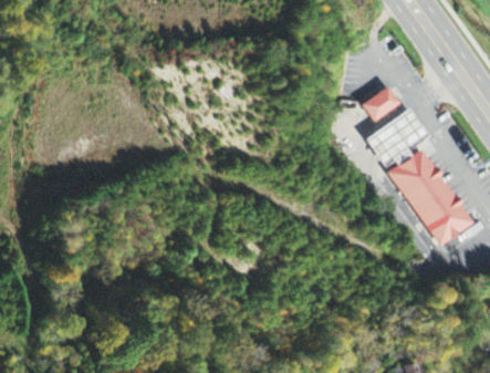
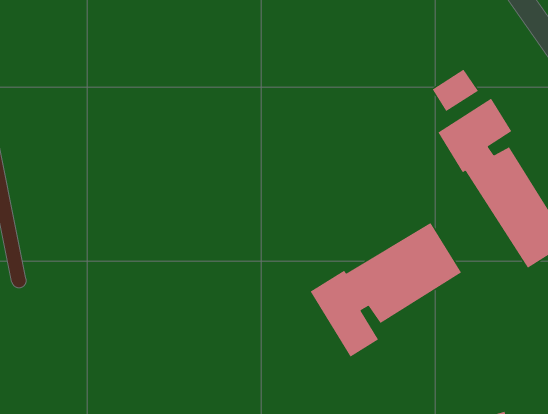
building: none -> [310,222,462,357]

